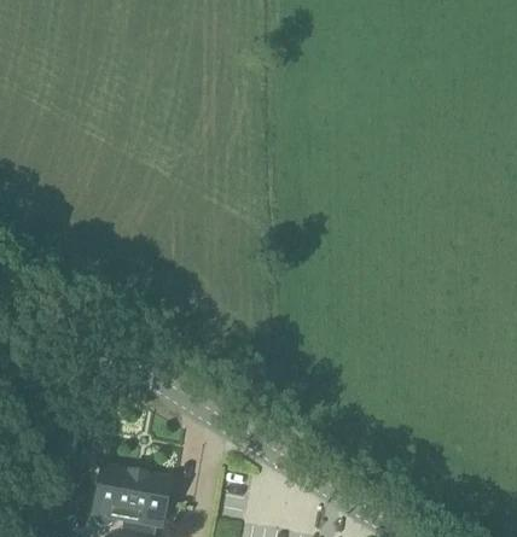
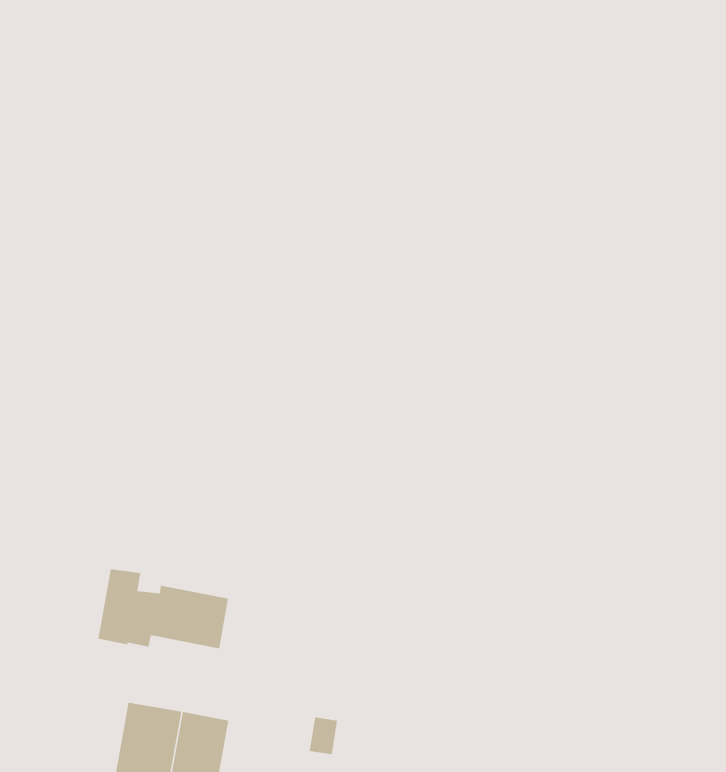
building: none -> [98,568,229,649]

